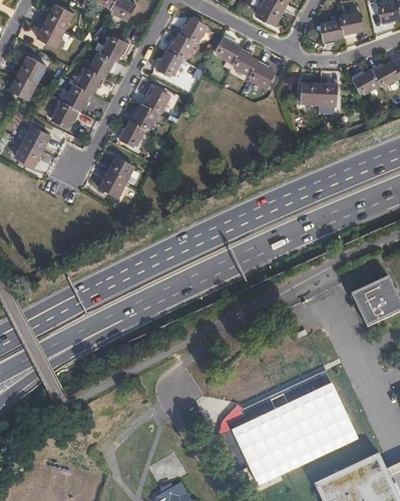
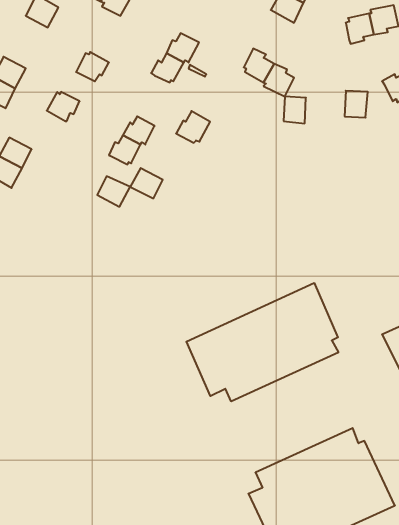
building: [177,17,208,44] -> none
building: [36,20,64,50] -> none
building: [100,34,129,60] -> none
building: [216,36,240,64] -> none
building: [75,68,104,93] -> none
building: [300,83,319,106] -> [284,97,306,123]
building: [140,87,169,114] -> [176,111,210,143]
building: [50,101,79,128] -> none
building: [97,173,125,199] -> [130,168,163,198]
building: none -> [186,283,338,401]

